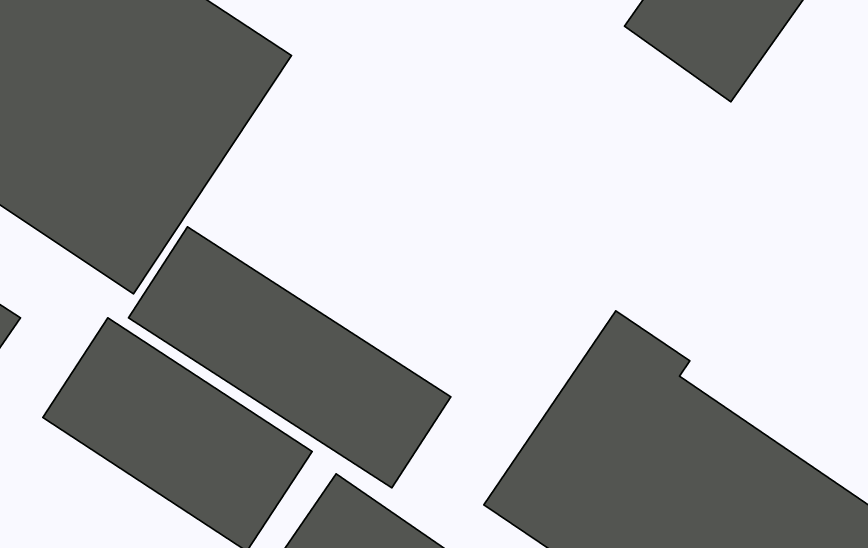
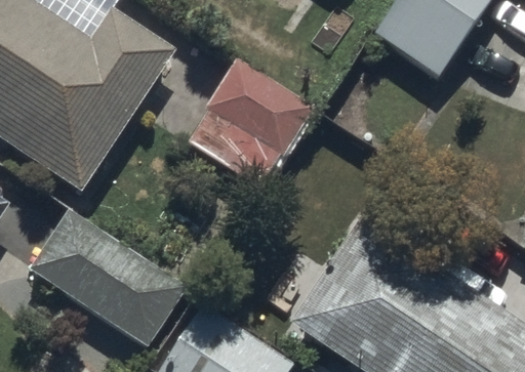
building: none -> [187,56,315,189]
building: [128,227,451,488] -> none

